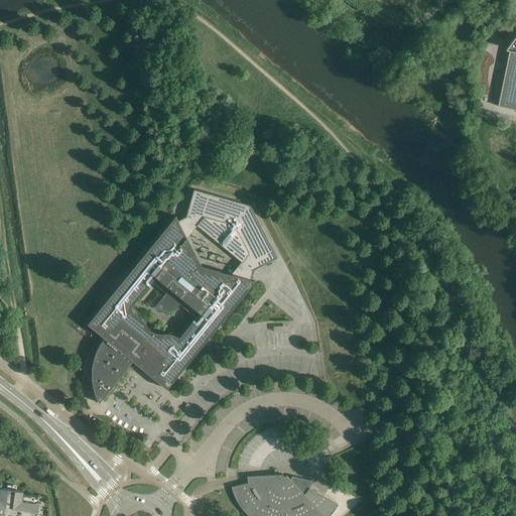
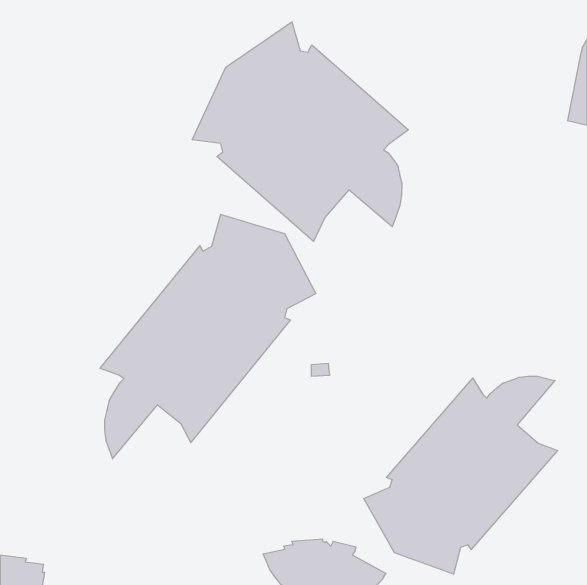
building: none -> [192,22,408,241]
building: none -> [364,376,558,574]

